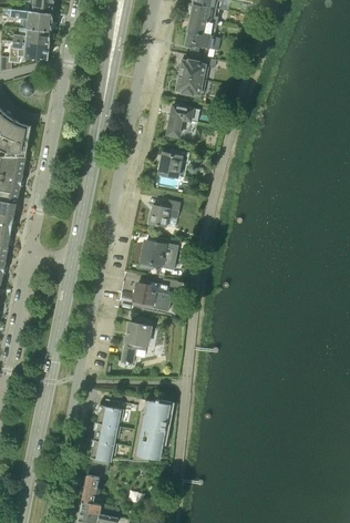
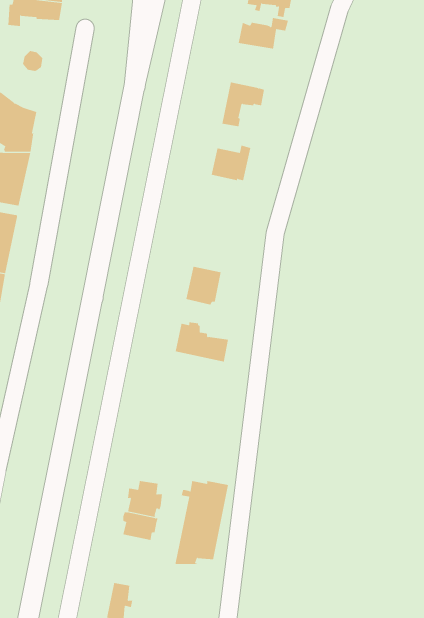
building: [176,75,206,103] -> none
building: [148,199,181,228] -> none
building: [121,318,152,363] -> none
building: [90,439,116,461] -> none

